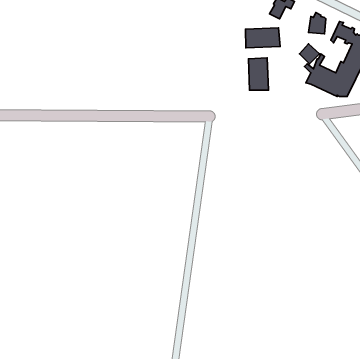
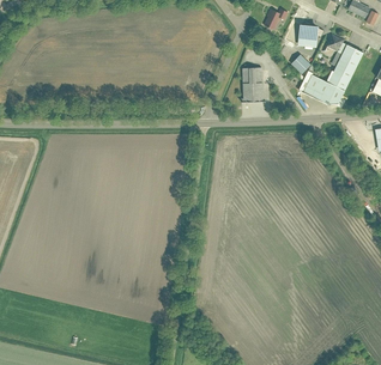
building: [246,28,280,48] -> none

